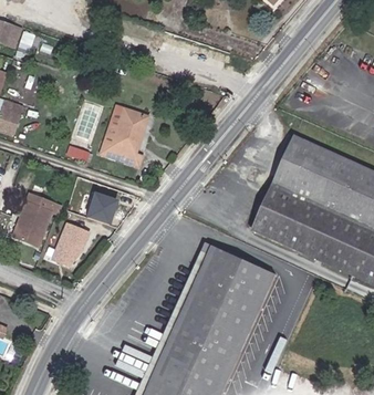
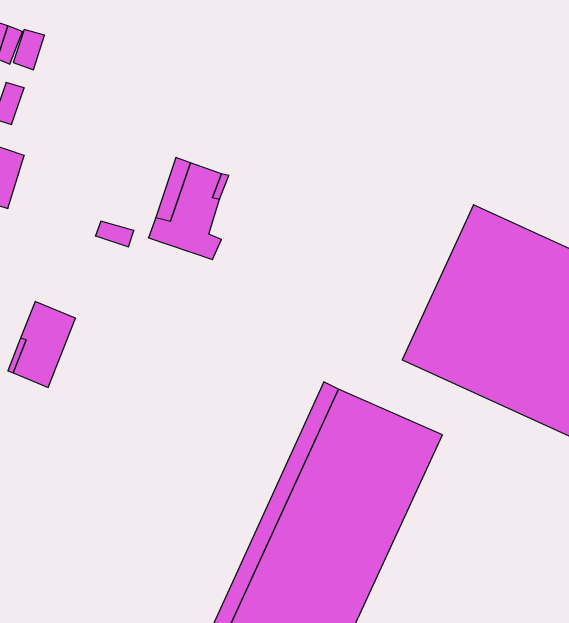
building: [84,194,117,226] -> none
building: [49,221,89,270] -> none

